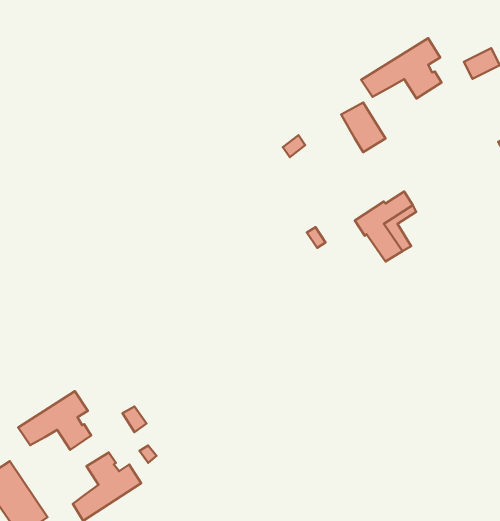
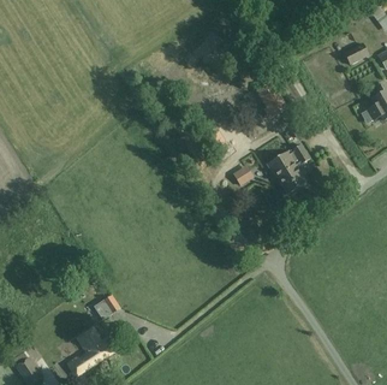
building: [361,38,441,99] -> none
building: [18,391,91,450] -> none

